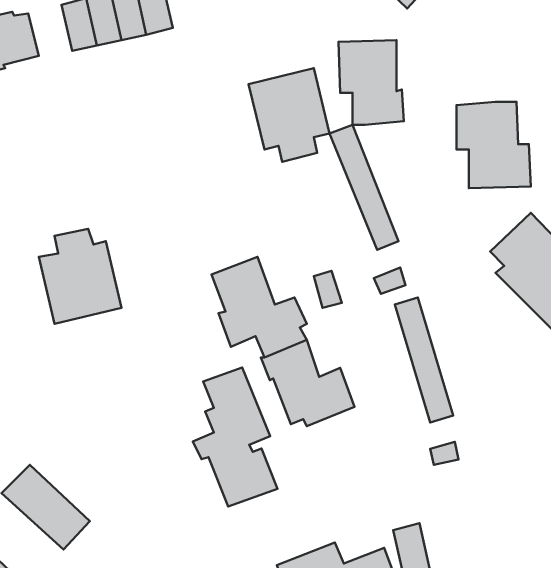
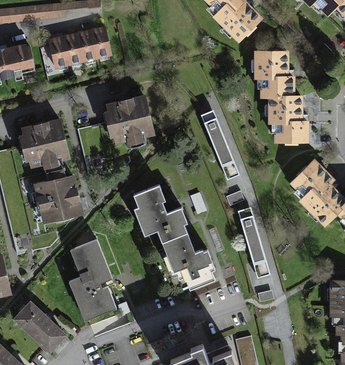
building: [338,40,404,125] -> [255,50,292,98]
building: [249,68,330,162] -> [105,96,151,149]
building: none -> [19,119,66,172]
building: [193,367,277,507] -> [66,239,114,318]

